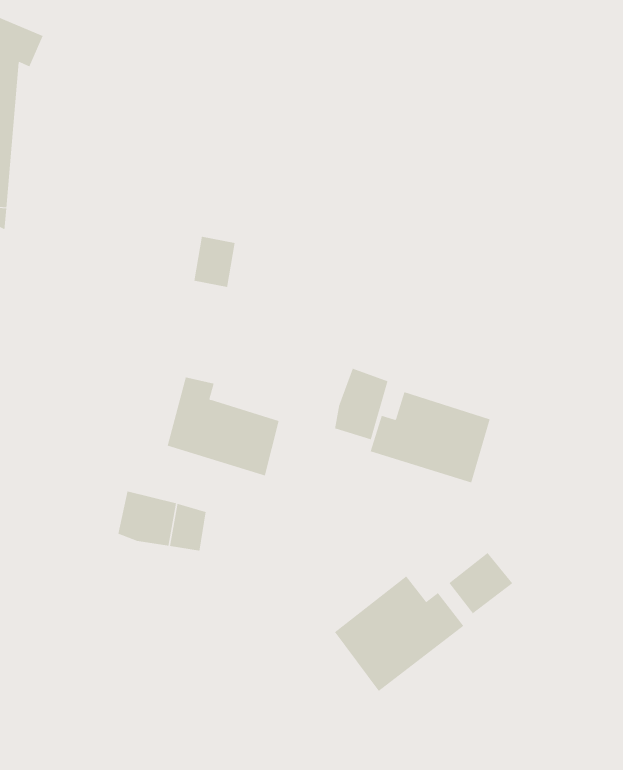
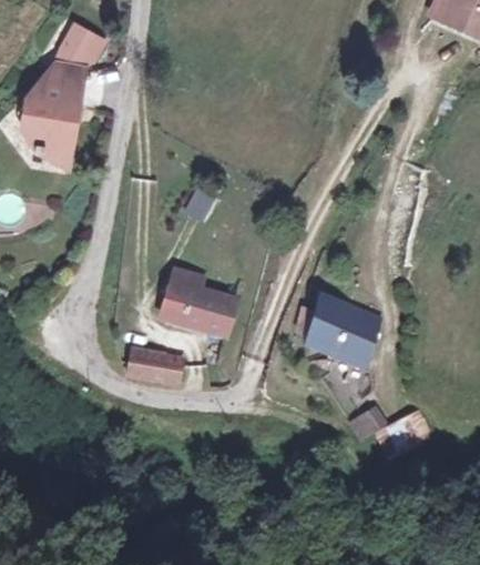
building: [334,368,388,440] -> none
building: [334,575,464,692] -> none

